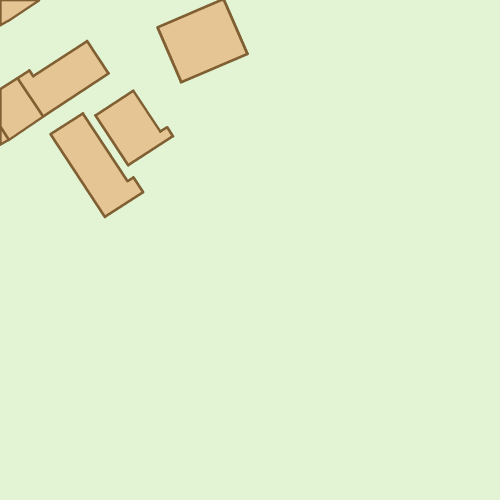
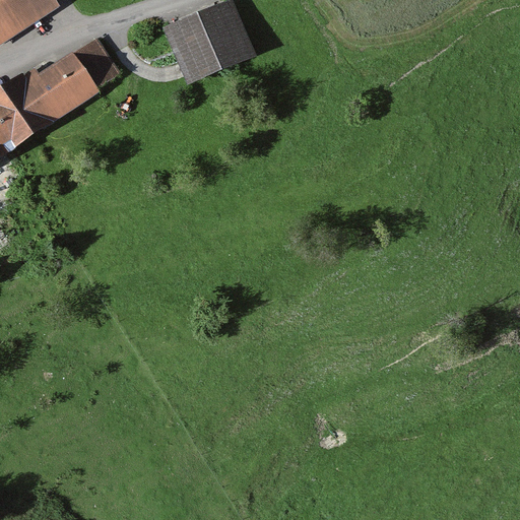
building: [95,91,173,165] -> none
building: [51,113,143,217] -> none

